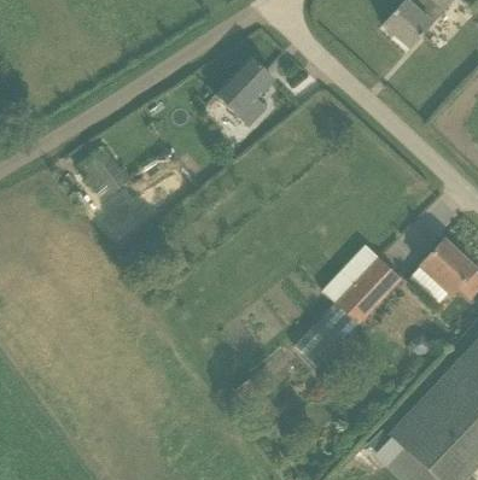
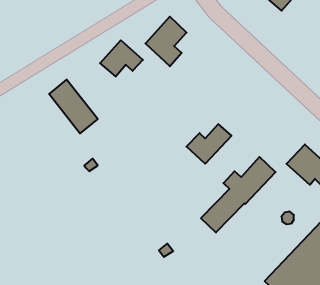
building: none -> [100,40,143,77]
building: none -> [186,124,231,164]

